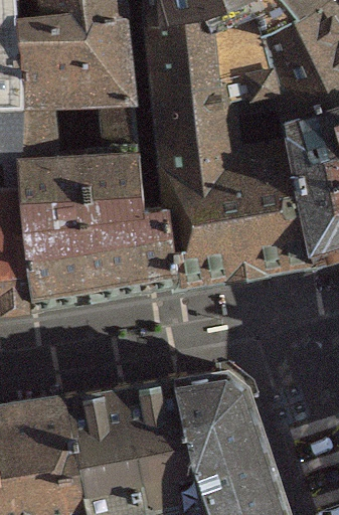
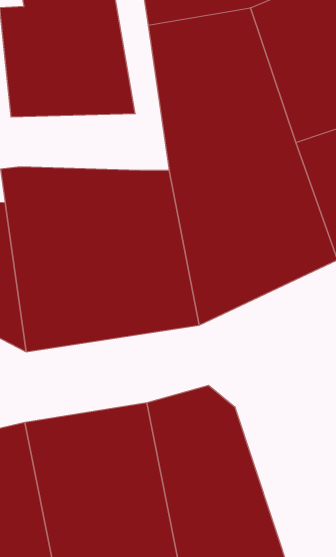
building: [40,114,152,163] -> none

